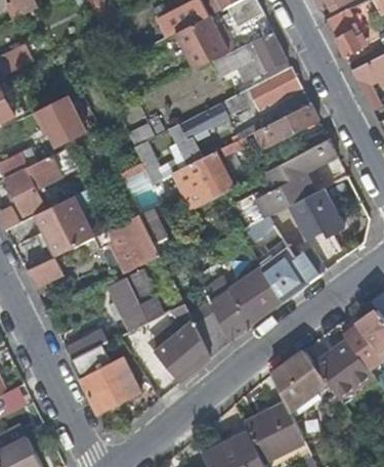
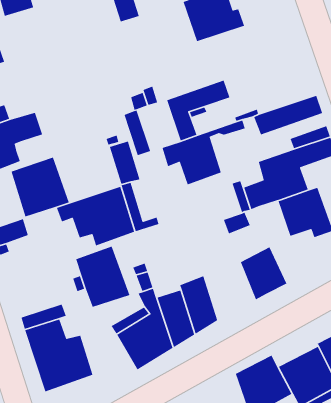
building: [212,31,287,84] -> none
building: [224,67,302,114] -> none
building: [47,97,85,143] -> none
building: [229,267,281,326] -> none

